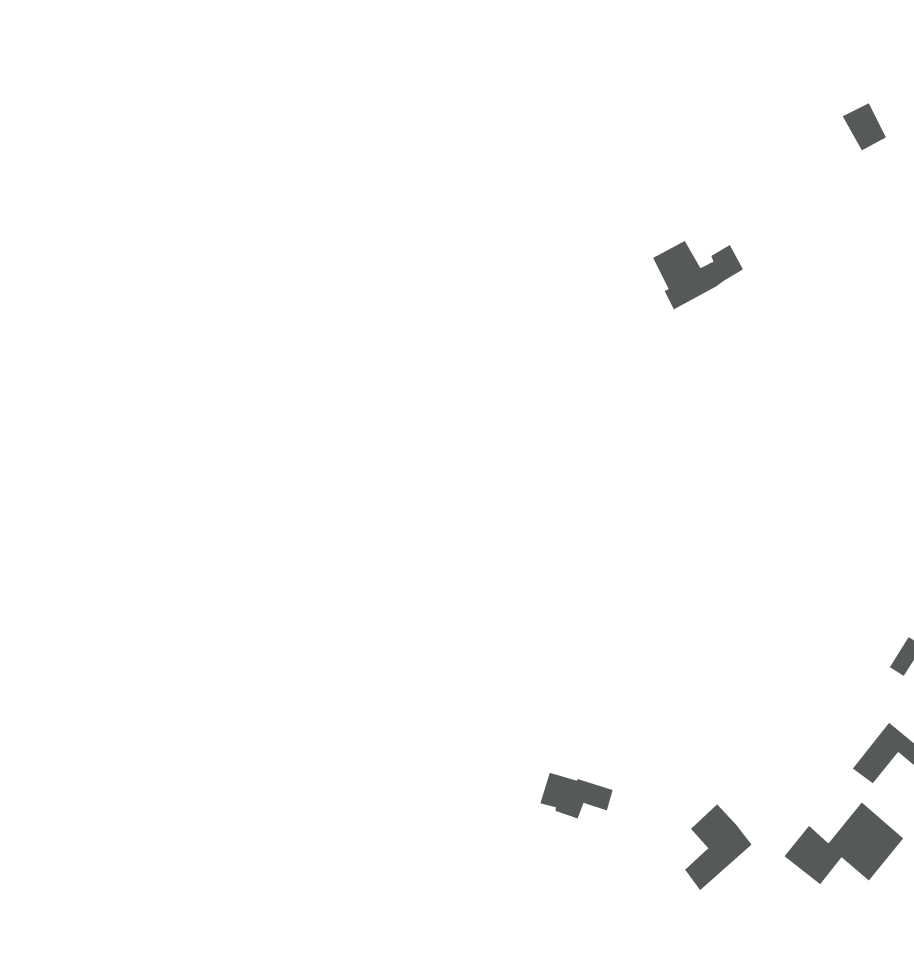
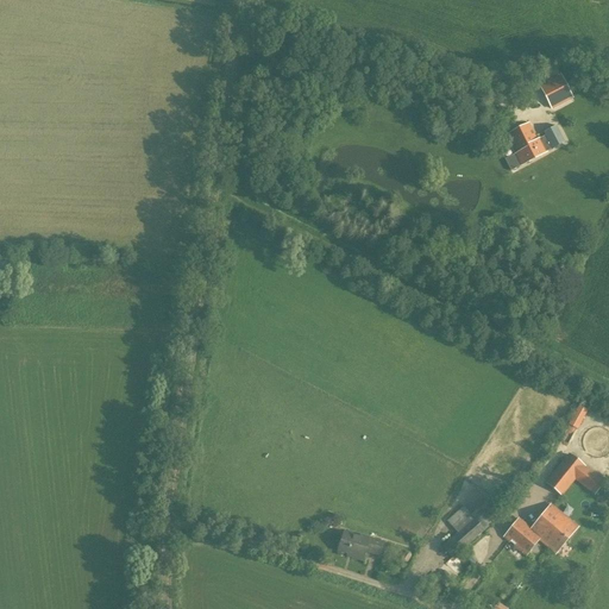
building: [652,240,744,310] -> [509,121,565,164]
building: [539,772,613,819] -> [339,530,384,559]

